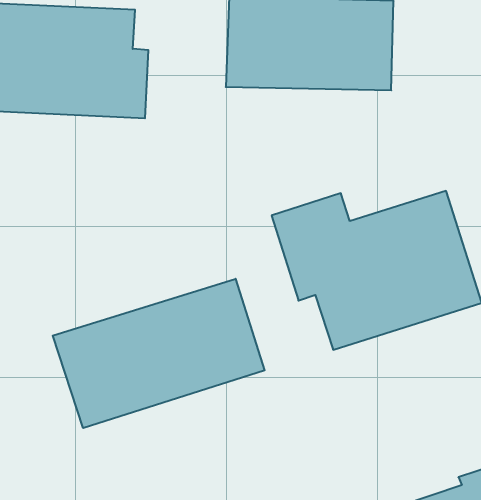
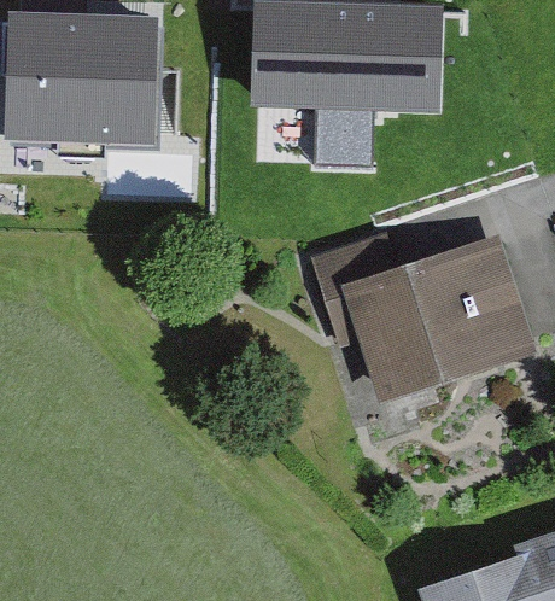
building: [53,279,265,428] -> none

